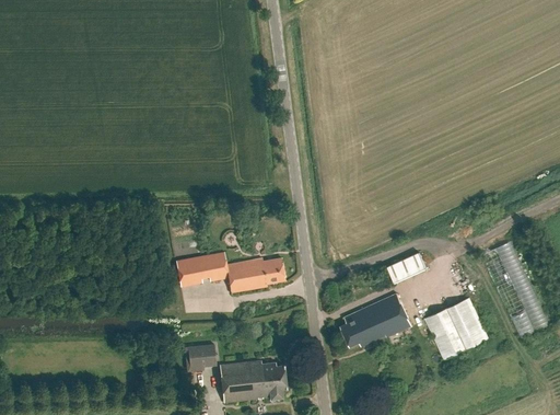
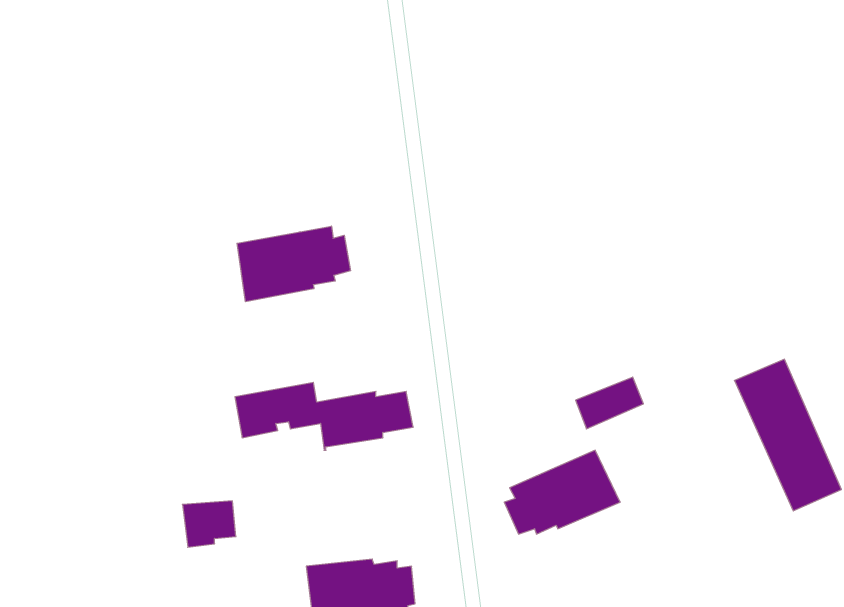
building: none -> [237,226,350,302]
building: [424,298,489,360] -> none
building: [184,344,217,372] -> [182,501,236,547]

